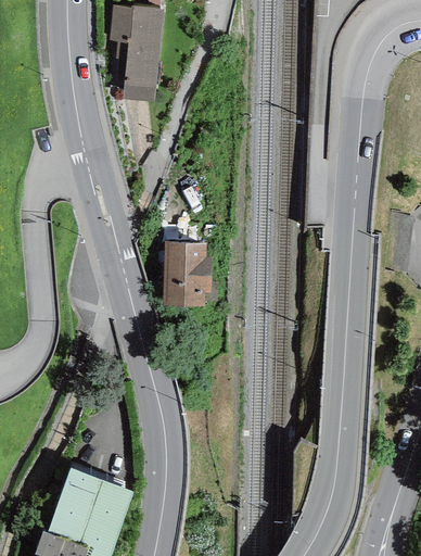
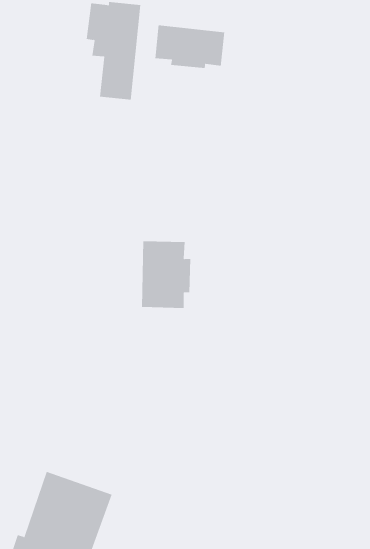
building: none -> [155,24,225,69]

